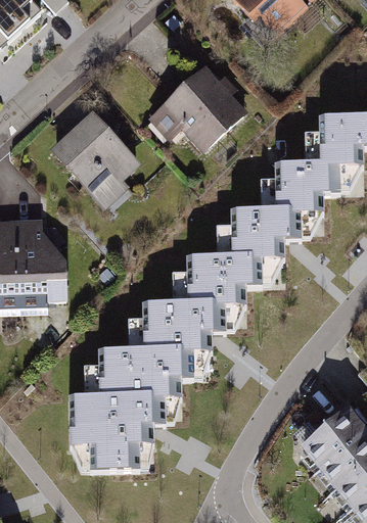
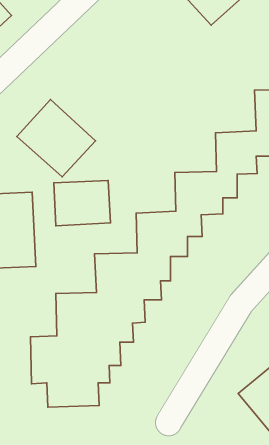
building: [143,66,250,155] -> none
building: none -> [54,180,111,226]

